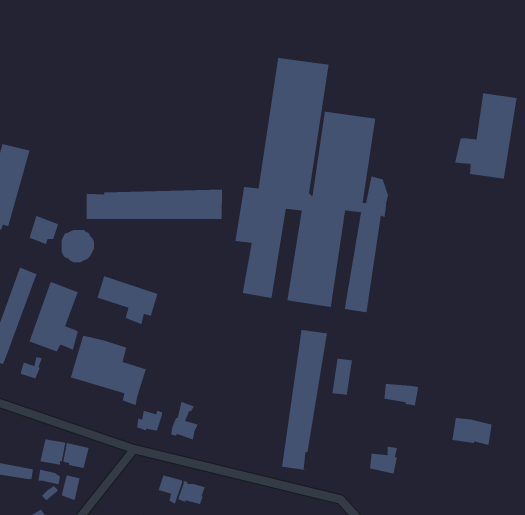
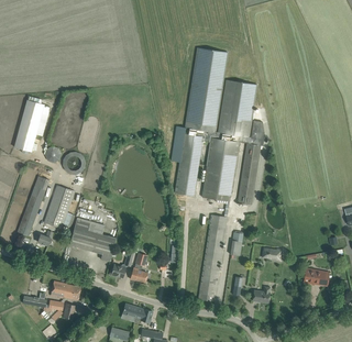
building: [454,93,518,180] -> none
building: [86,189,223,220] -> none
building: [96,275,158,325] -> none

